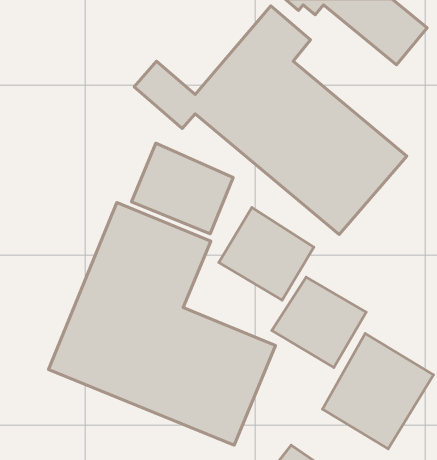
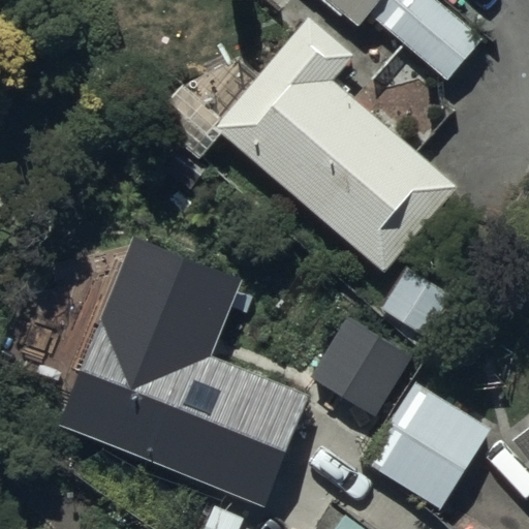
building: [132,143,233,234] -> none
building: [219,207,314,300] -> none

